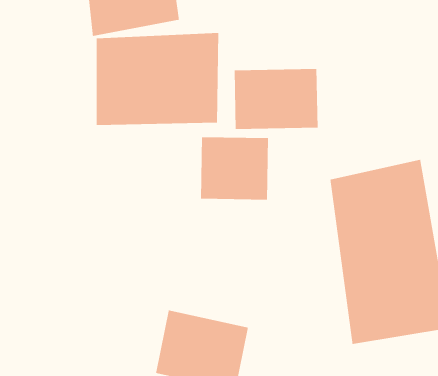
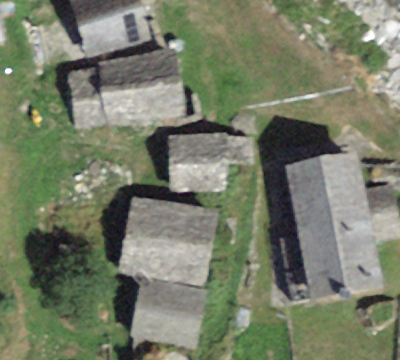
building: [234,68,318,130] -> none
building: none -> [114,195,221,287]

